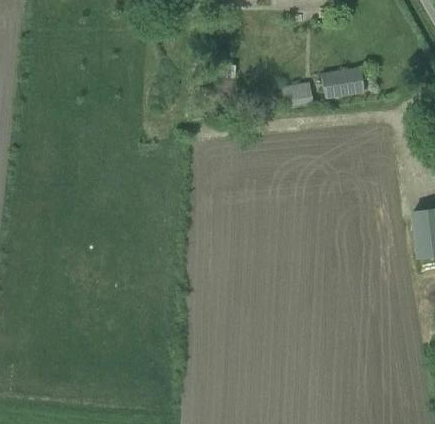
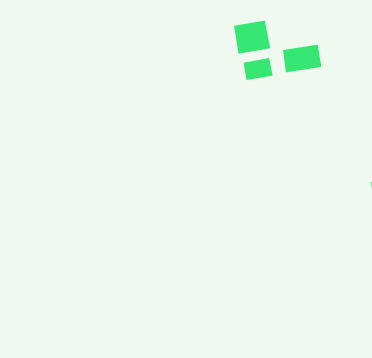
building: none -> [233,20,271,54]

